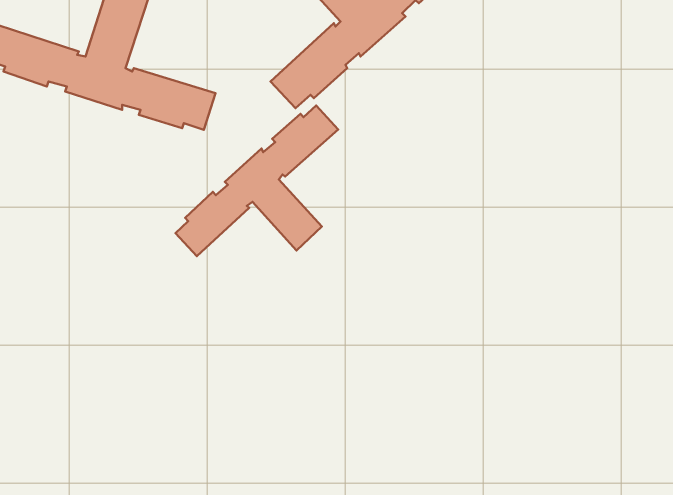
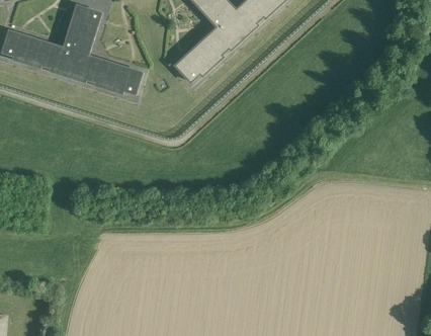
building: [175,105,338,256] -> none

